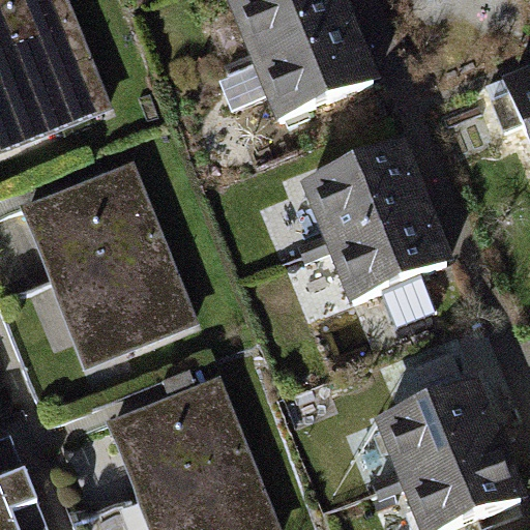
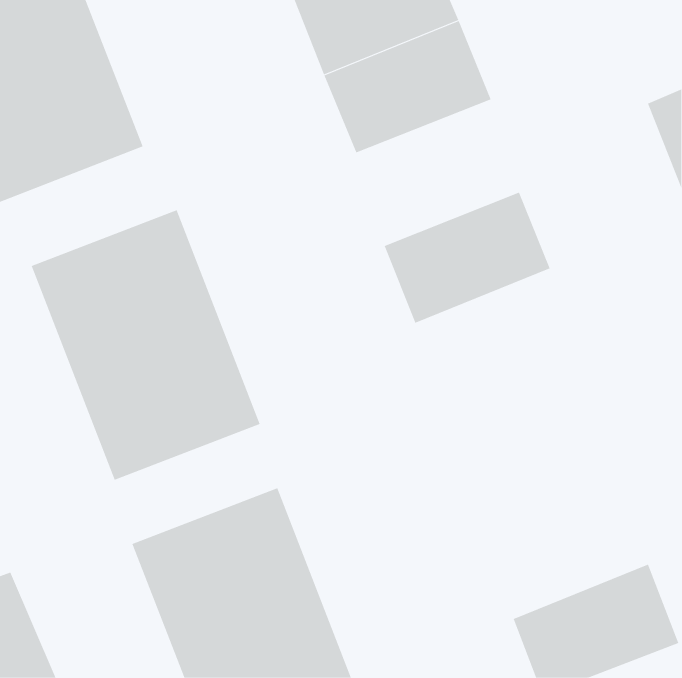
building: [320,207,449,311] -> none
building: [372,375,500,477] -> none

